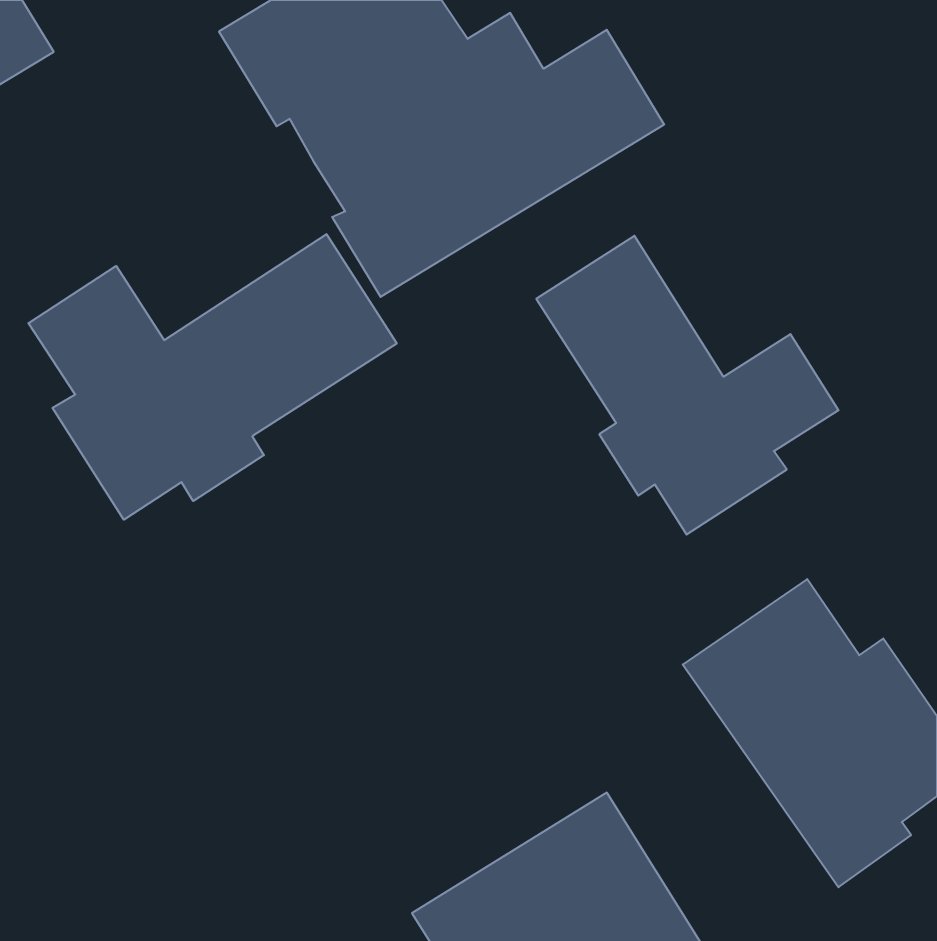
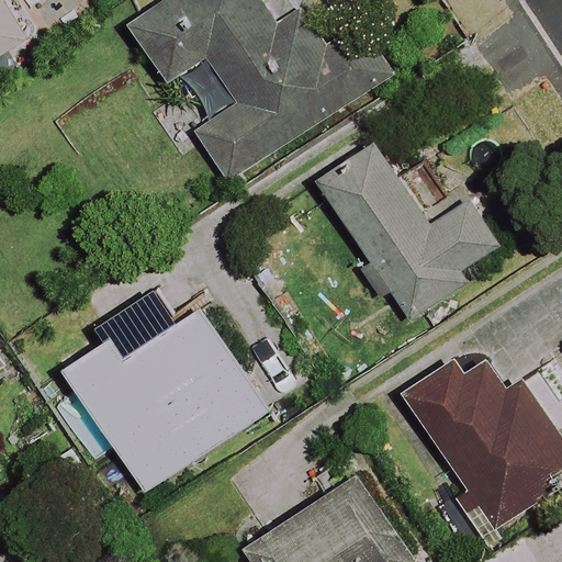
building: [28,234,397,520] -> none
building: none -> [65,307,267,490]

